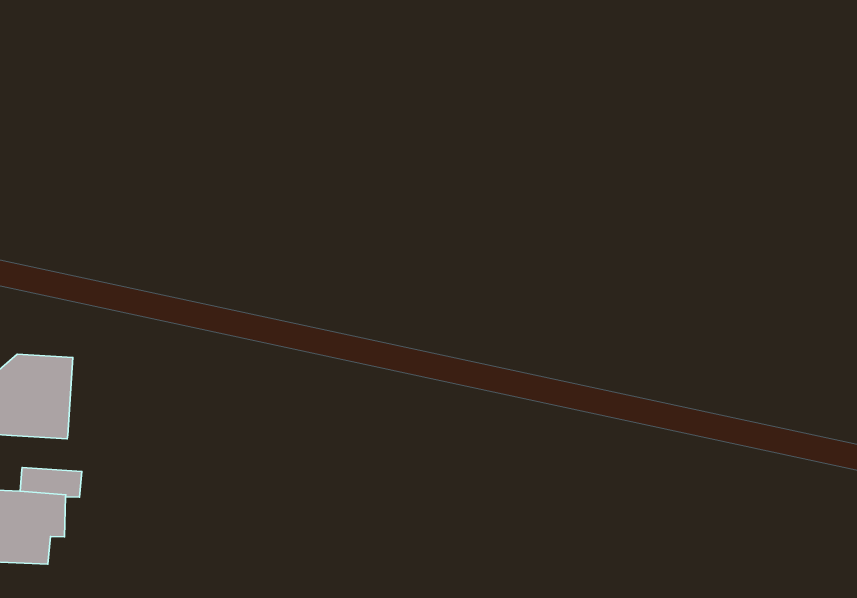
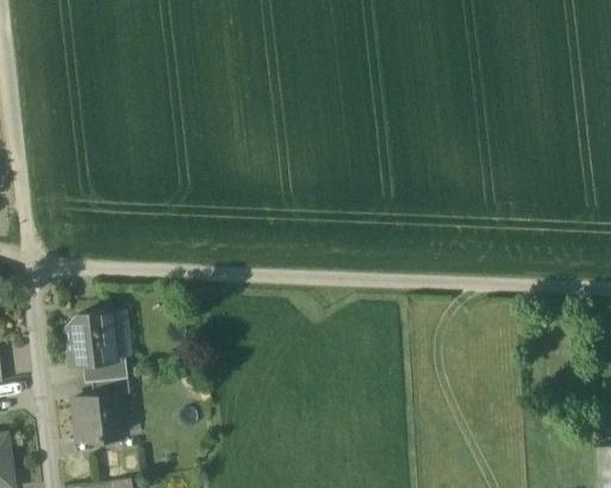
building: none -> [83,355,128,382]

